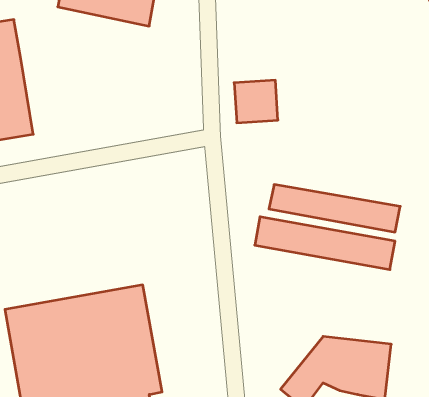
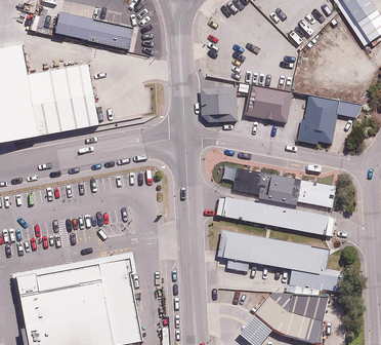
building: none -> [31,61,101,131]
building: none -> [244,84,289,123]
building: none -> [298,98,337,149]
building: none -> [216,232,342,297]

